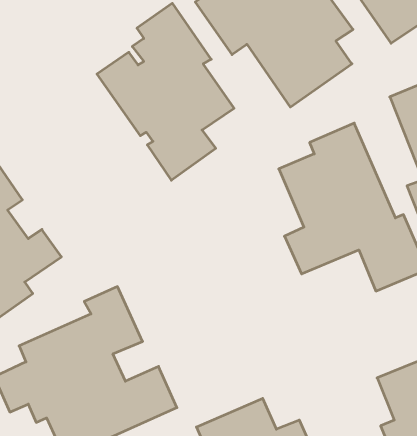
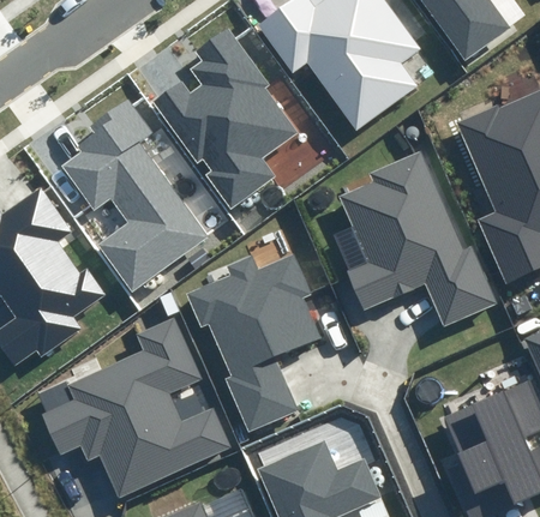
building: none -> [59,98,205,287]
building: none -> [188,254,323,433]

